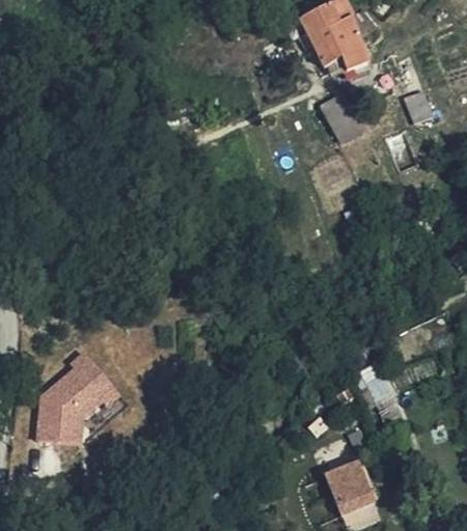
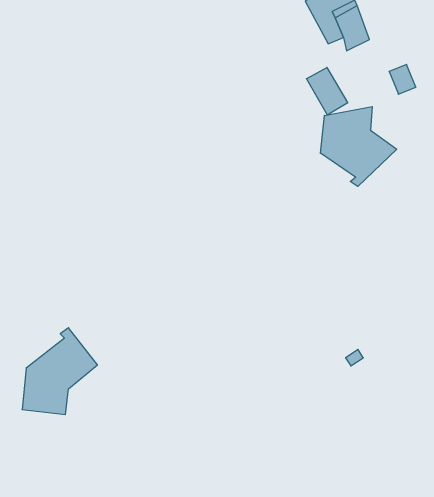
building: none -> [320,107,397,186]
building: [323,462,372,515] -> none

